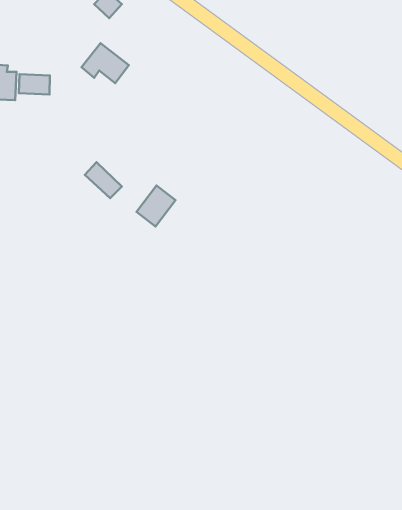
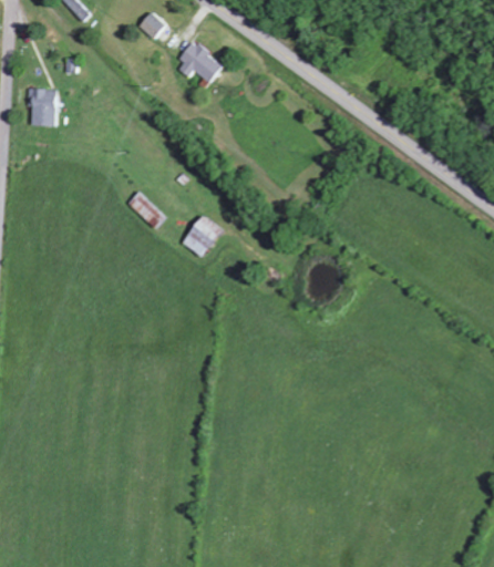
building: [81,43,129,83] -> [174,41,224,83]
building: [19,74,50,94] -> none

